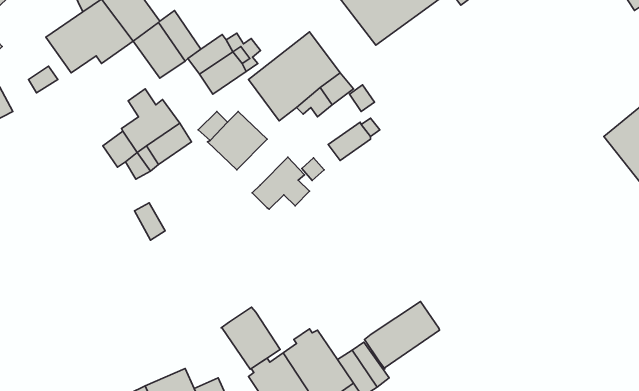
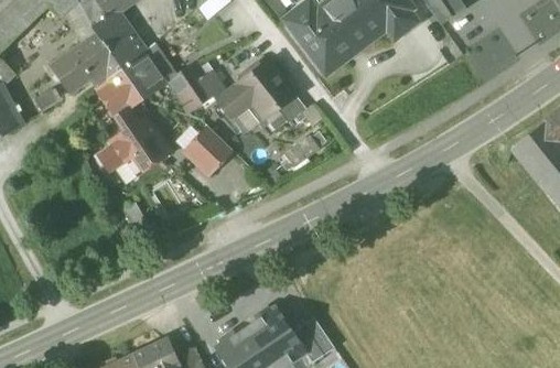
building: none -> [96,67,144,117]
building: [252,157,310,209] -> none
building: [364,301,440,369] -> none
building: [221,307,280,369] -> none

